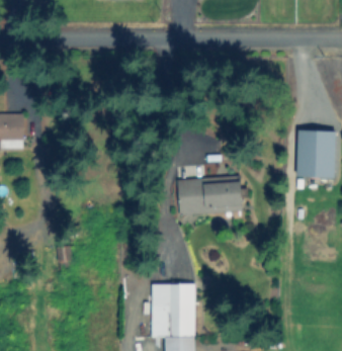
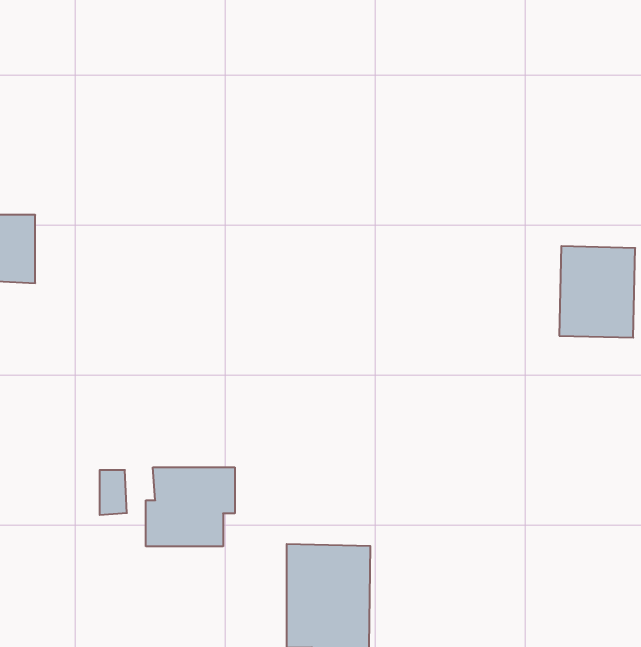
building: [176,174,249,215] -> none
building: none -> [146,467,235,546]

